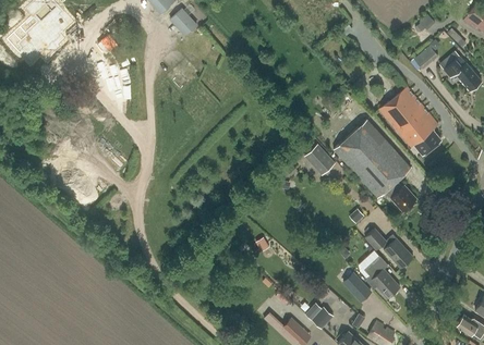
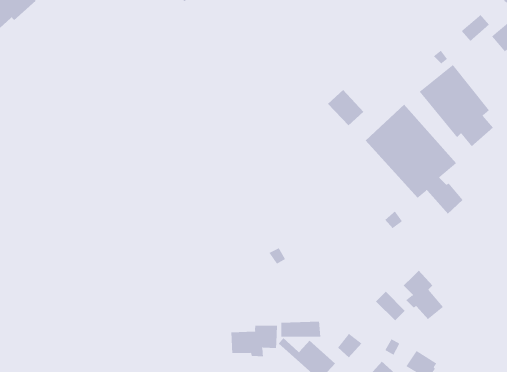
building: [304,145,335,175] -> [327,89,364,126]
building: [365,230,413,269] -> none
building: none -> [231,325,278,357]

